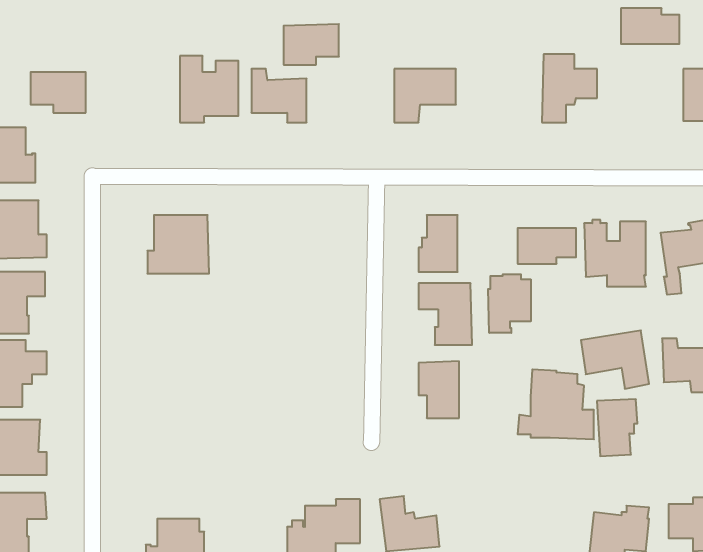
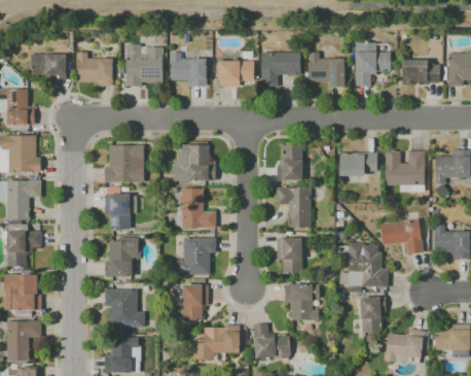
building: [621,8,679,44] -> [402,61,439,83]
building: [284,24,339,65] -> [219,61,254,87]
building: none -> [77,53,112,87]
building: none -> [309,53,345,87]
building: none -> [172,145,215,181]
building: [488,274,531,333] -> none
building: none -> [104,187,130,230]
building: none -> [175,189,215,228]
building: none -> [105,238,138,277]
building: none -> [176,238,216,275]
building: [597,399,637,456] -> [360,297,386,333]
building: none -> [182,285,208,320]
building: none -> [285,285,319,321]
building: none -> [105,290,144,328]

